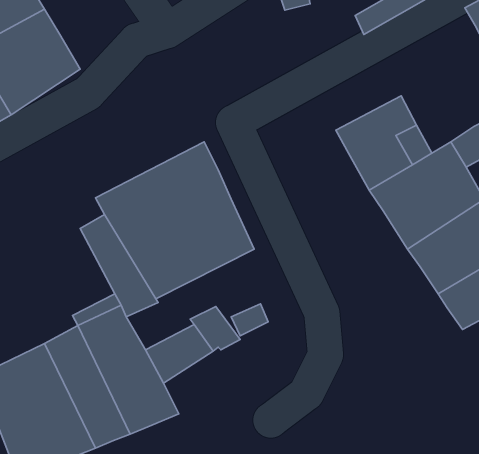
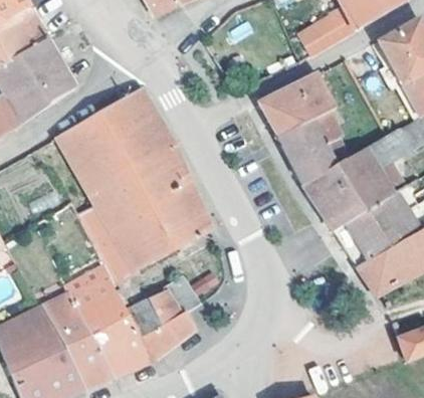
building: none -> [257,71,332,136]
building: none -> [55,87,173,189]
building: none -> [141,307,196,359]

